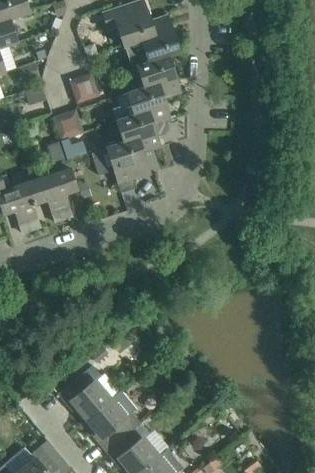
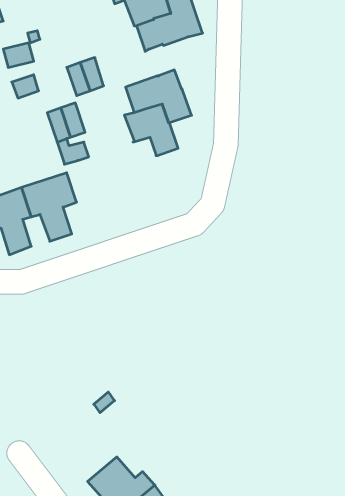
building: [136,56,181,99] -> none
building: [106,138,150,192] -> none
building: [58,365,110,419] -> none

